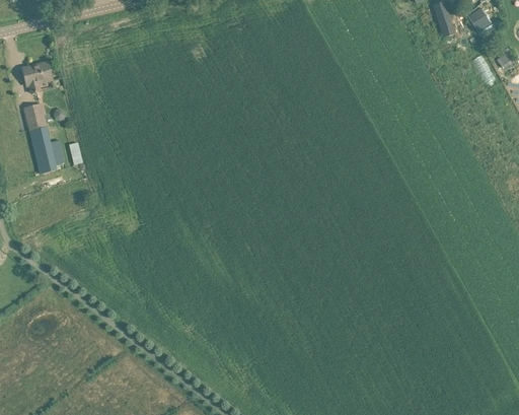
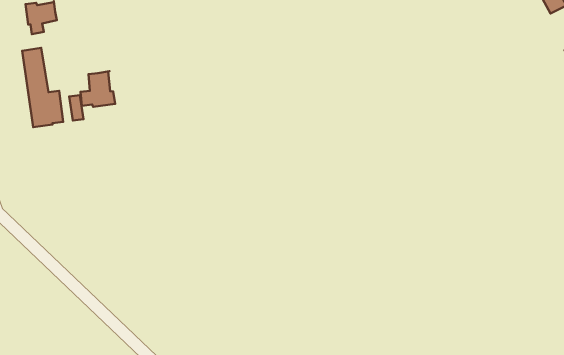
building: none -> [80,71,115,107]

